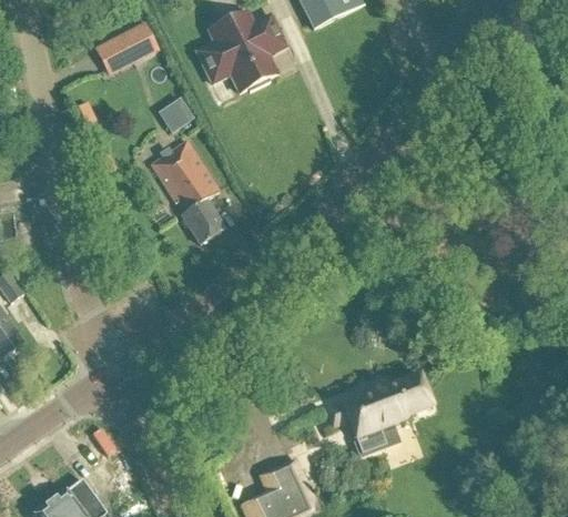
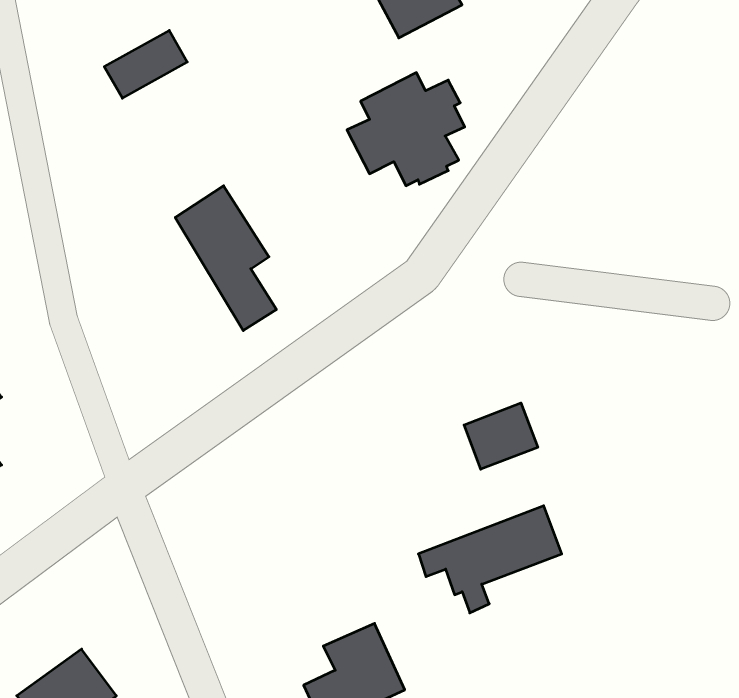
building: [195,9,282,92] -> [347,73,465,186]
building: [162,93,196,126] -> none
building: none -> [464,403,538,469]

